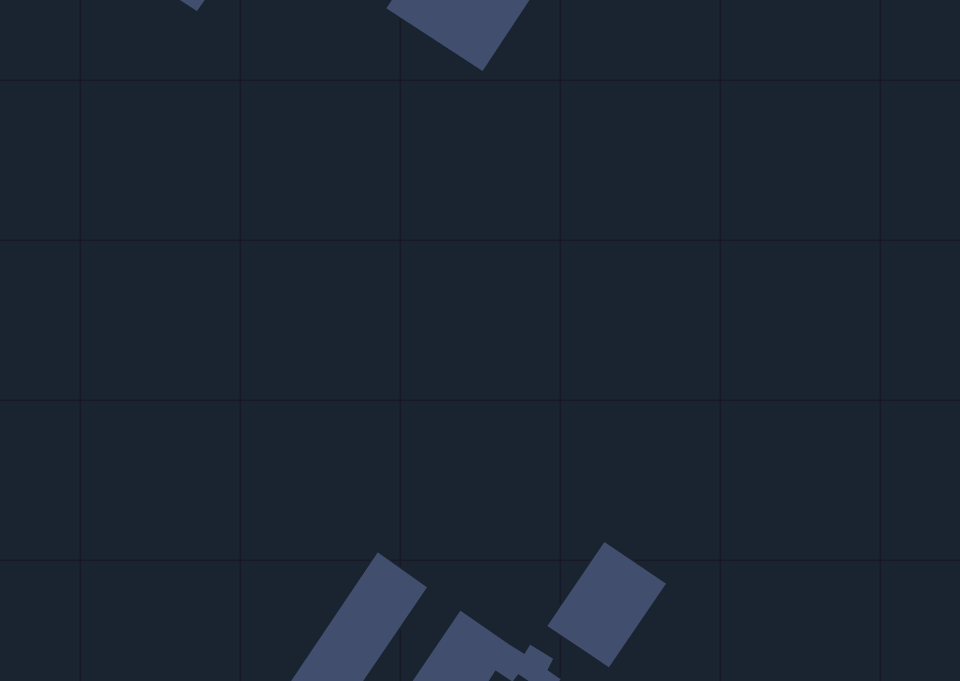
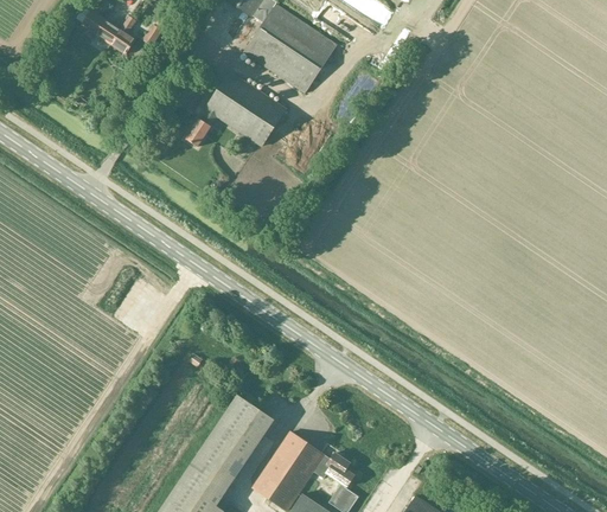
building: none -> [185,73,286,148]
building: [546,541,667,669] -> none

